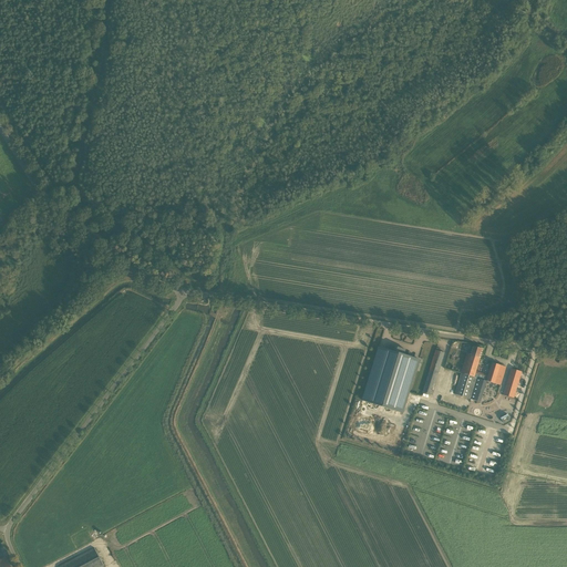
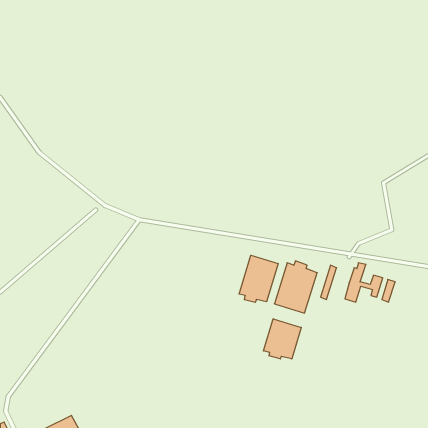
building: none -> [239,255,278,302]
building: none -> [263,319,301,359]

